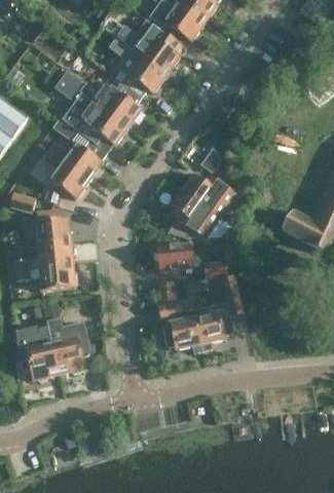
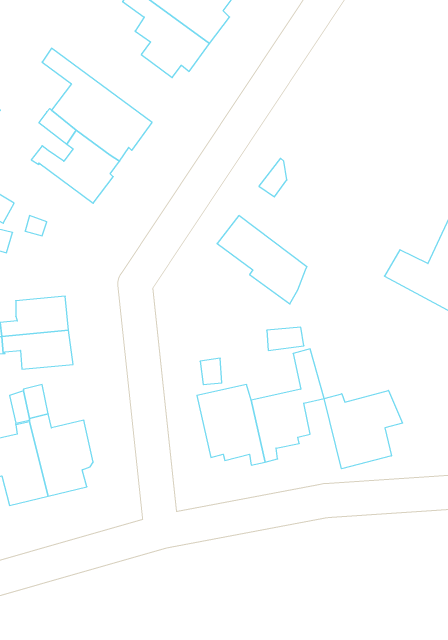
building: [61,68,141,125] -> none
building: [46,152,88,197] -> none
building: [185,176,234,221] -> none
building: [34,208,70,243] -> none
building: [157,242,193,270] -> none
building: none -> [324,390,403,469]

